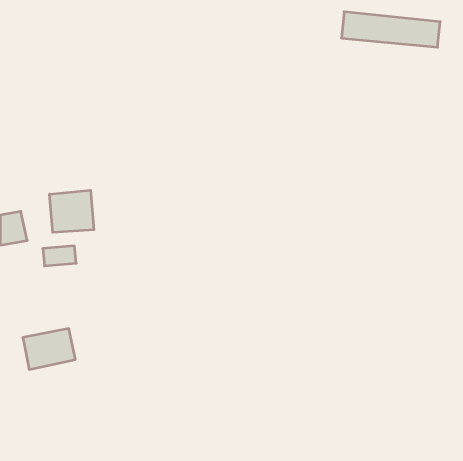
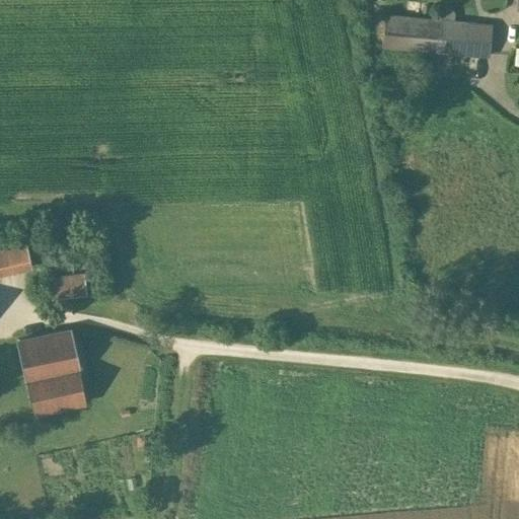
building: [50,190,94,232] -> none
building: none -> [18,331,78,380]

